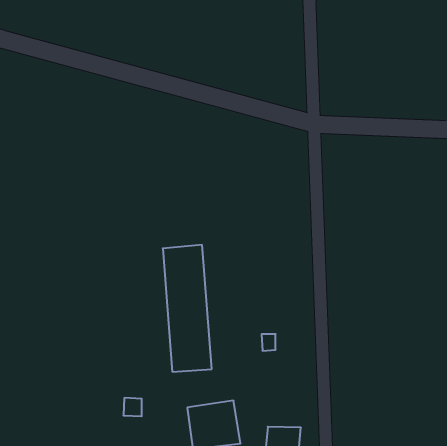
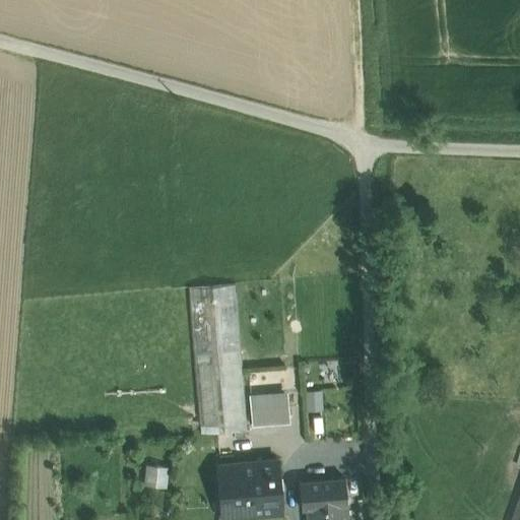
building: none -> [251,394,286,422]
building: none -> [311,475,350,498]

